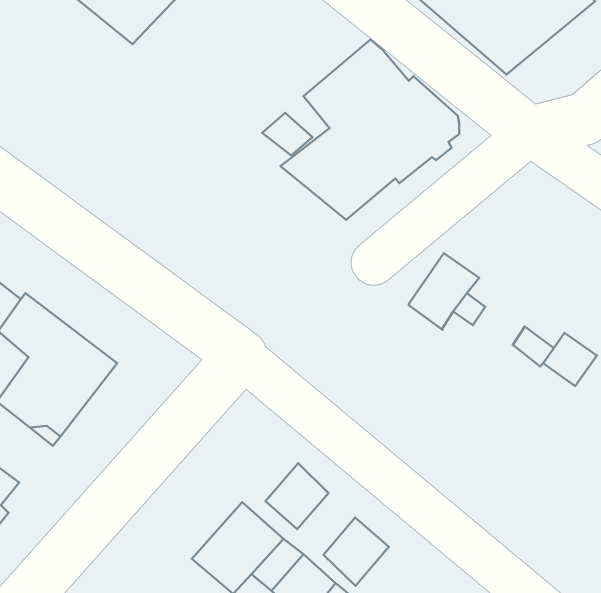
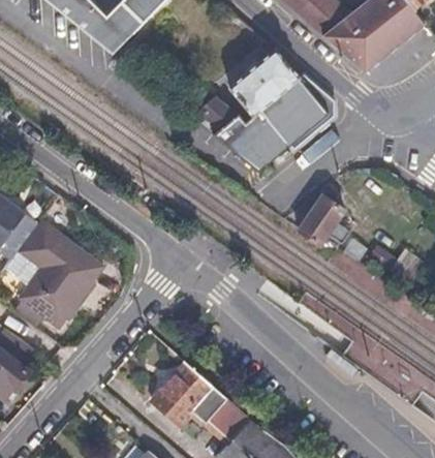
building: [265,463,328,529] -> none
building: [324,518,389,586] -> none

